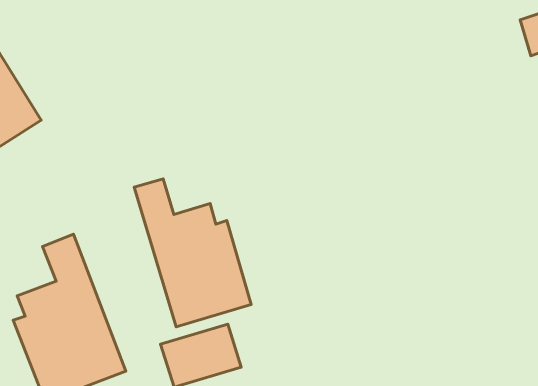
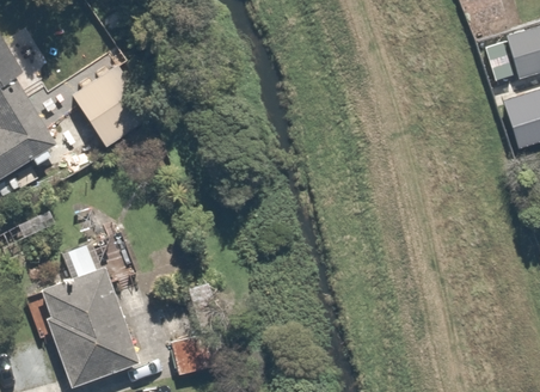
building: none -> [70,62,155,147]
building: [134,179,251,327] -> none

